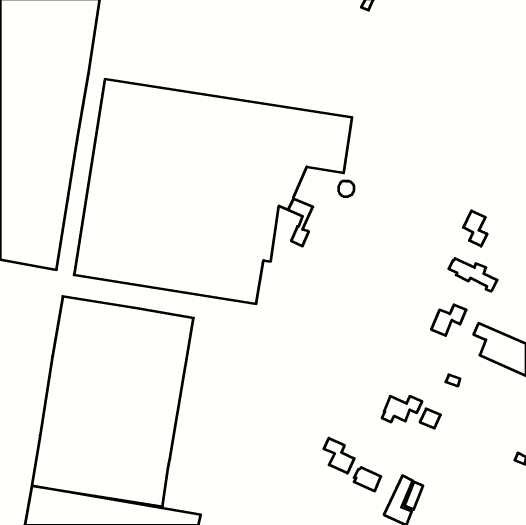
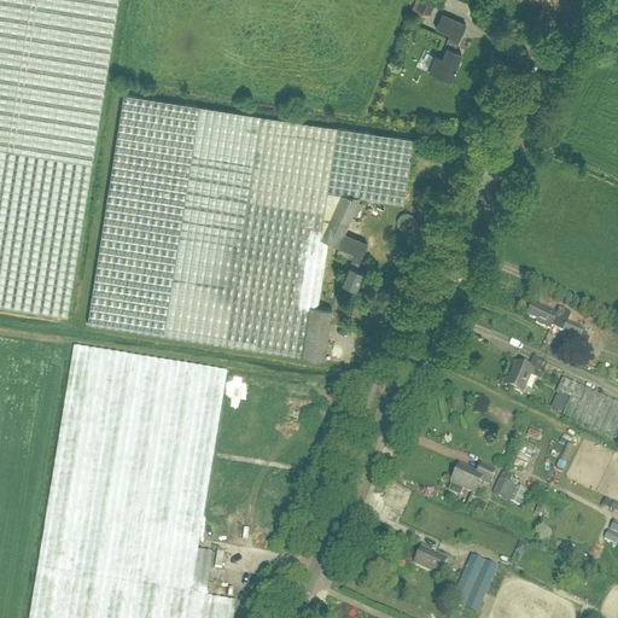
building: none -> [428,12,466,80]
building: [463,211,487,246] -> none
building: none -> [301,305,331,360]
building: [324,438,354,473] -> none
building: none -> [191,550,212,597]

